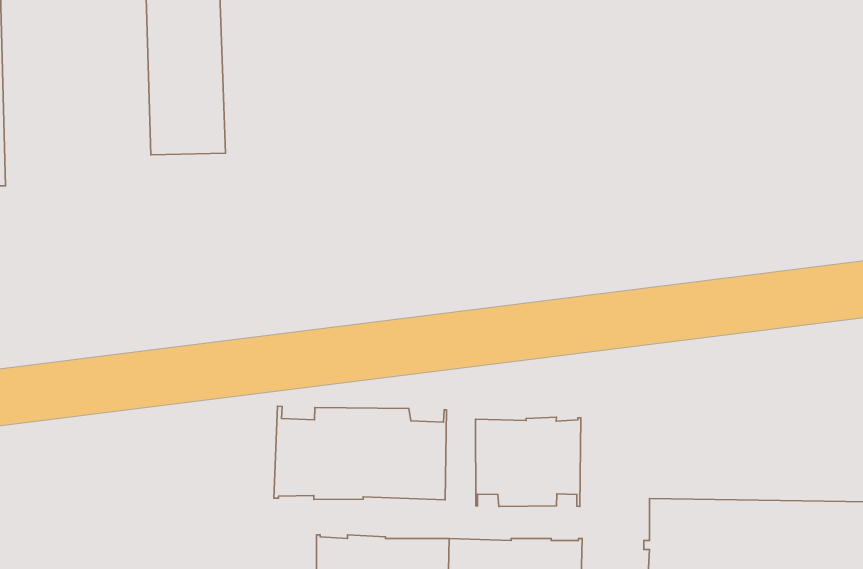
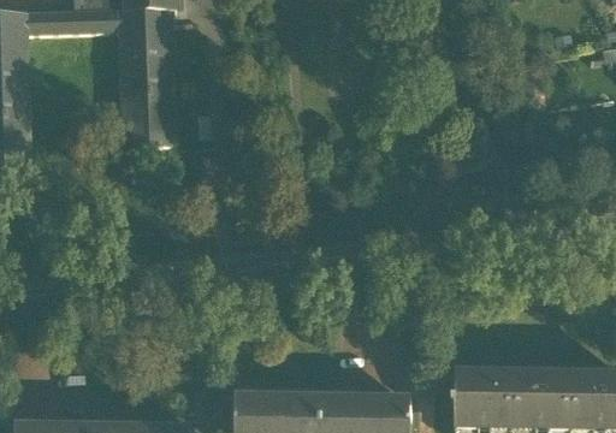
building: [274,406,446,500] -> none
building: [476,417,581,506] -> none

